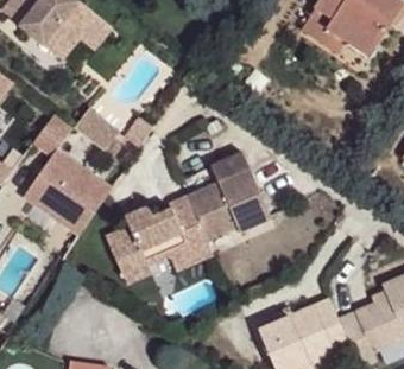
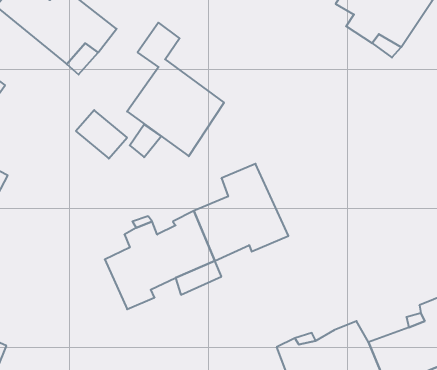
building: [23,113,111,234] -> [127,23,224,156]

